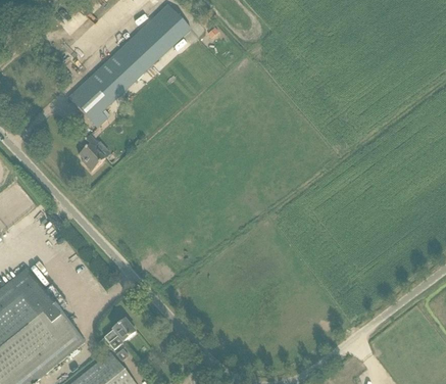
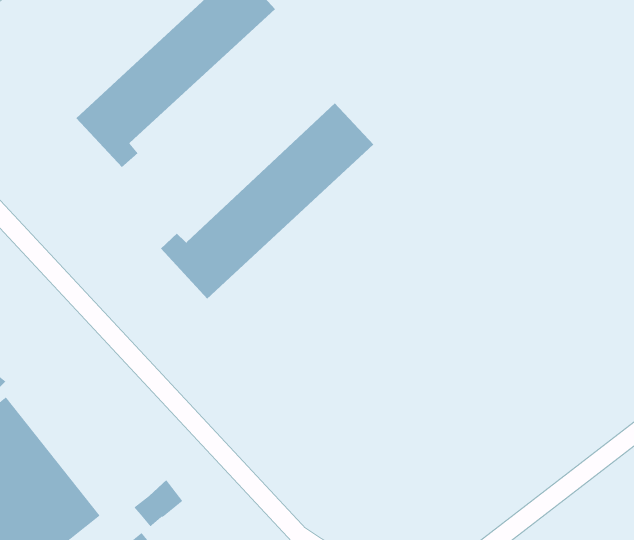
building: none -> [160,103,374,299]
building: [79,135,106,172] -> none

